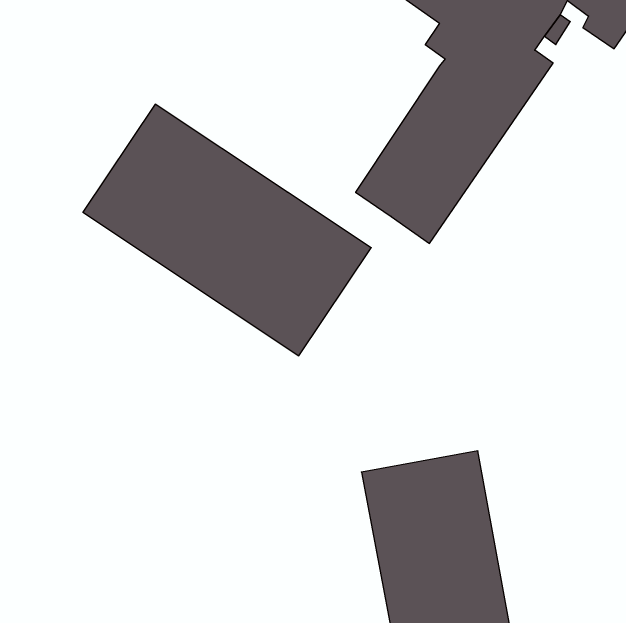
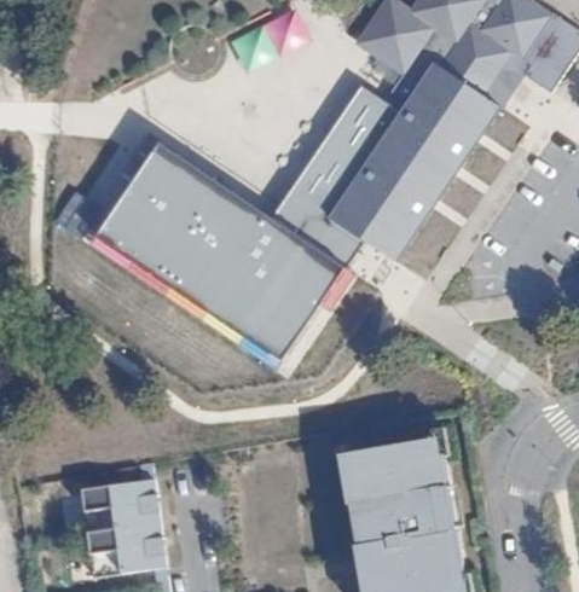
building: none -> [273,83,403,265]
building: none -> [85,477,168,573]

